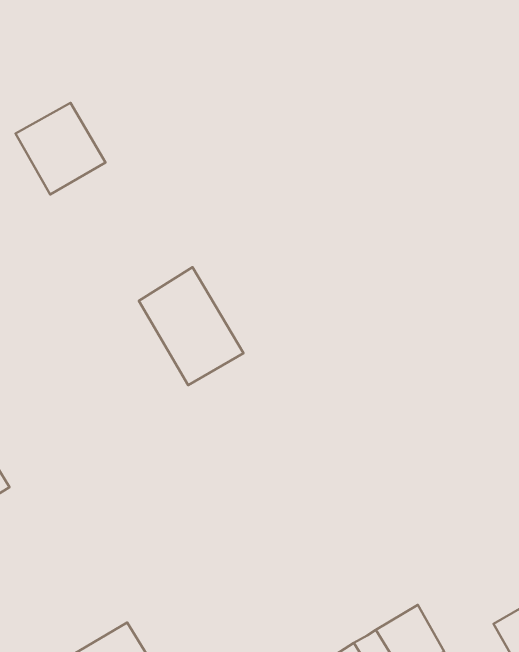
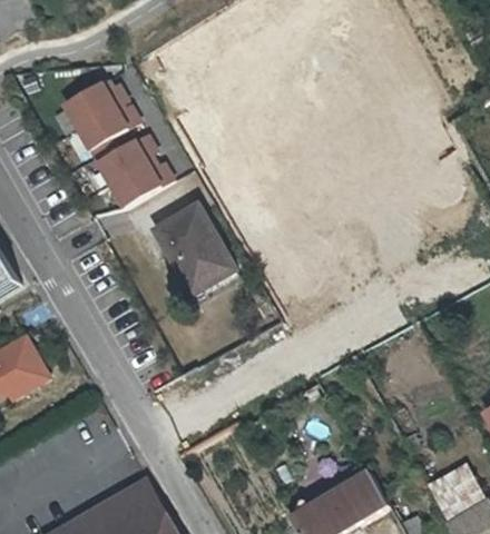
building: none -> [94,141,163,211]

